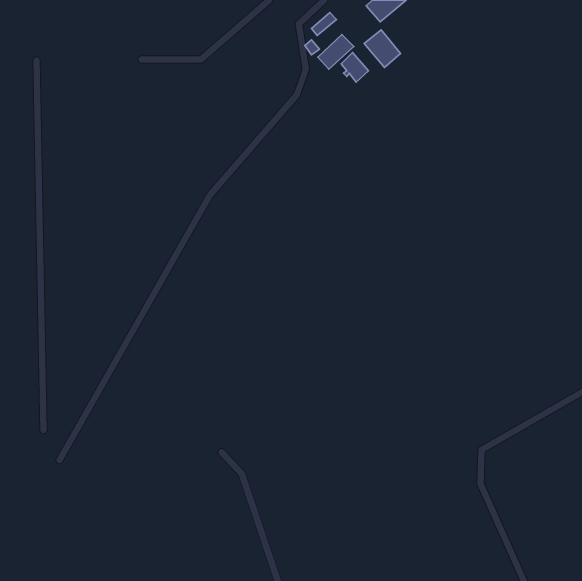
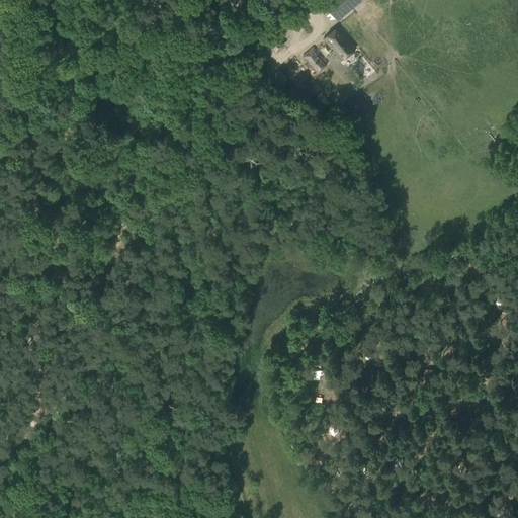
building: [318,34,354,69] -> none

